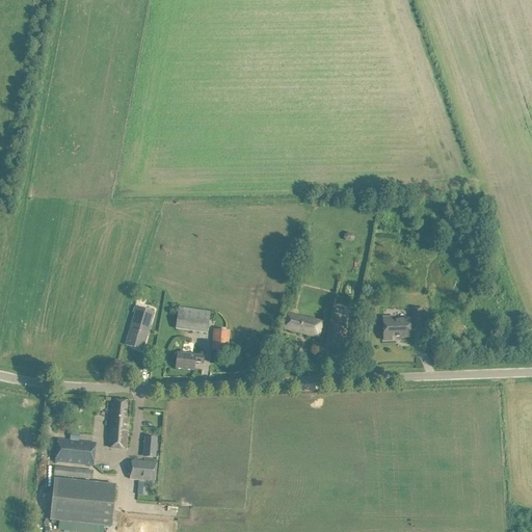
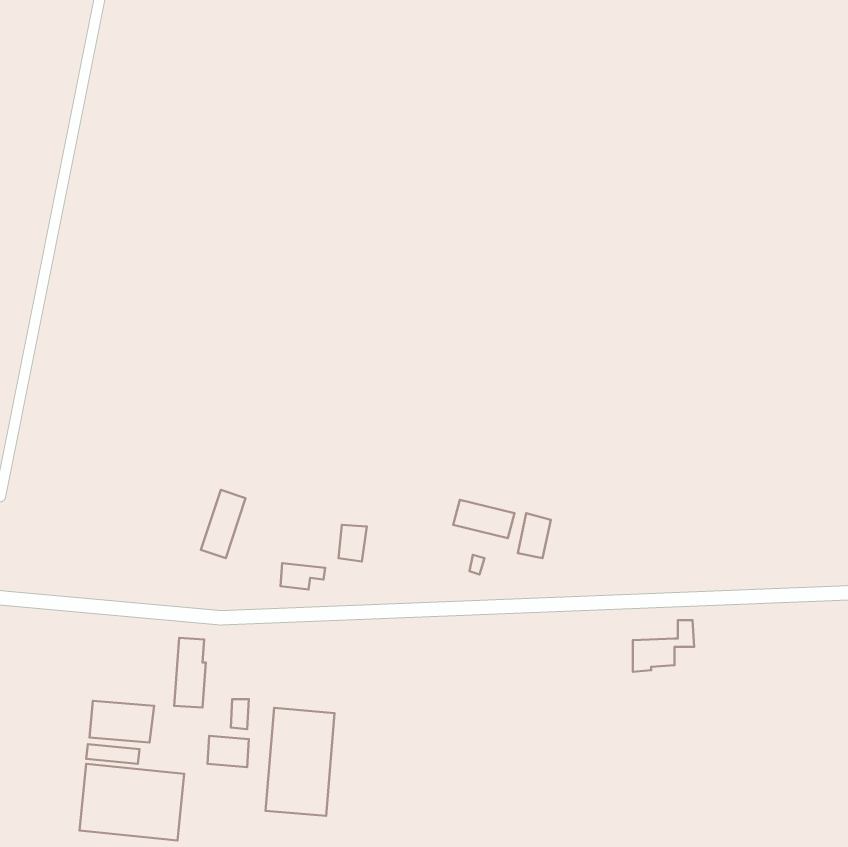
building: [176,308,209,331] -> none
building: [383,308,422,340] -> [633,620,694,672]
building: none -> [265,708,335,816]

